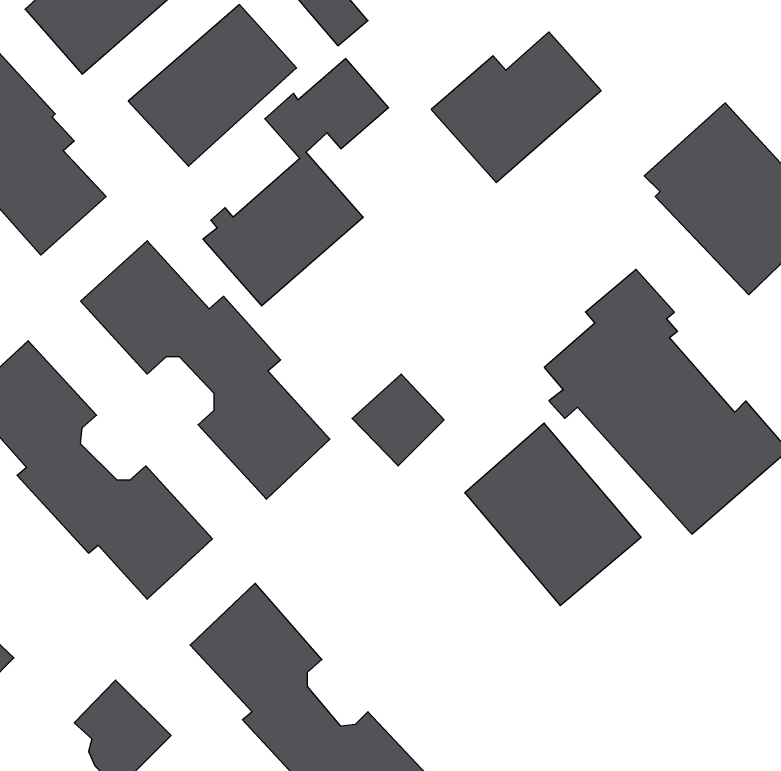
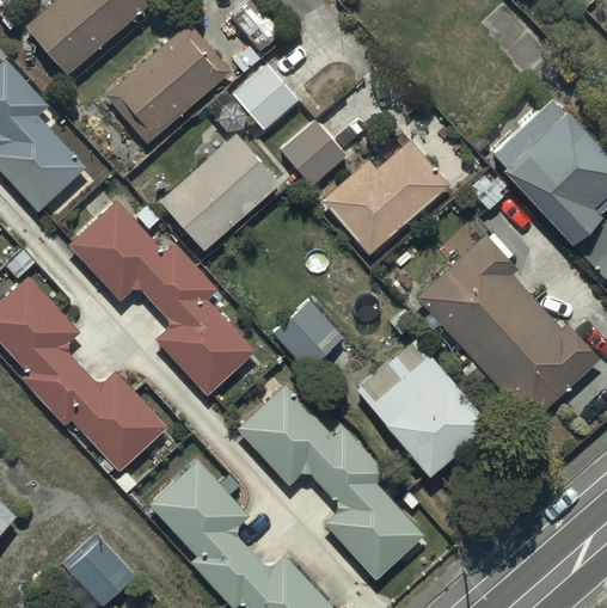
building: [431,32,601,183] -> [321,141,449,254]
building: none -> [280,121,345,185]
building: none -> [235,385,423,579]

